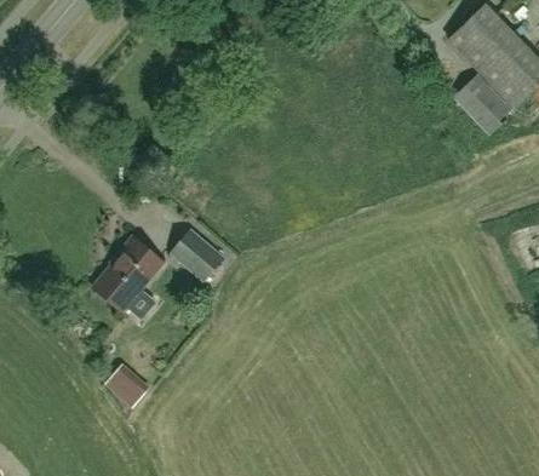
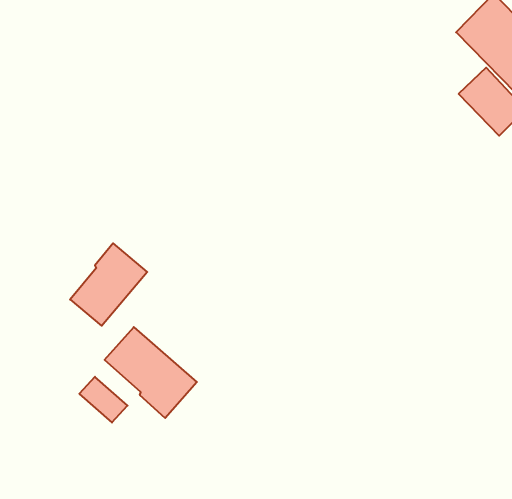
building: [171,229,223,280] -> none
building: none -> [105,327,197,418]

